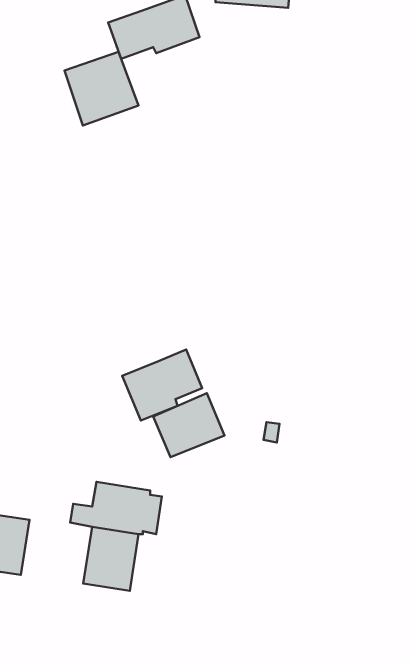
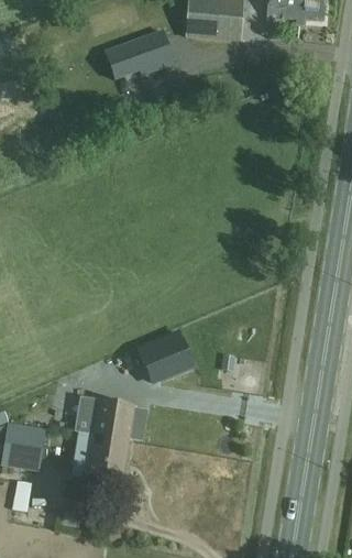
building: [65,52,138,125] -> none
building: [122,349,202,421] -> none

